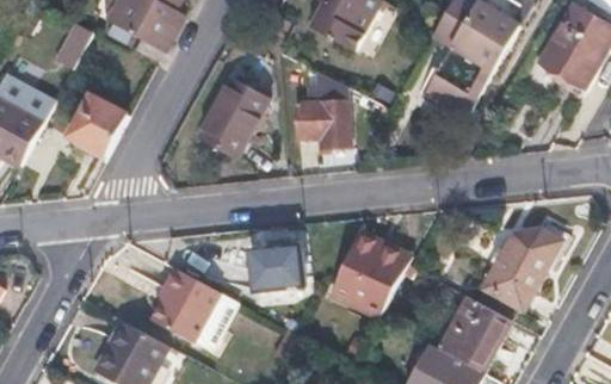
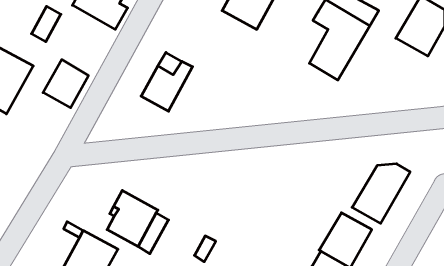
building: [294,79,350,149] -> none
building: [341,230,403,317] -> none
building: [249,248,303,292] -> none

